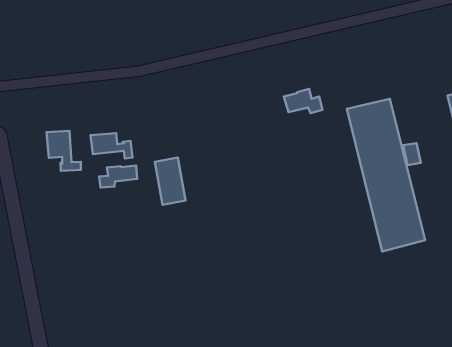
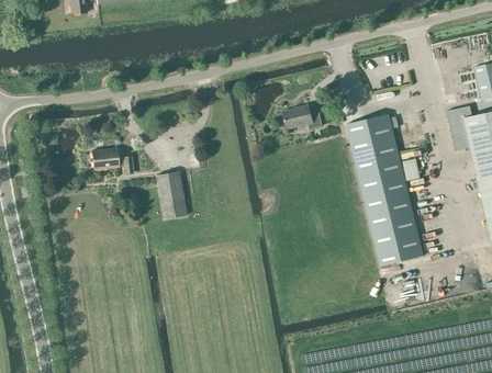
building: [47,131,81,171] -> none
building: [99,165,137,188] -> none

